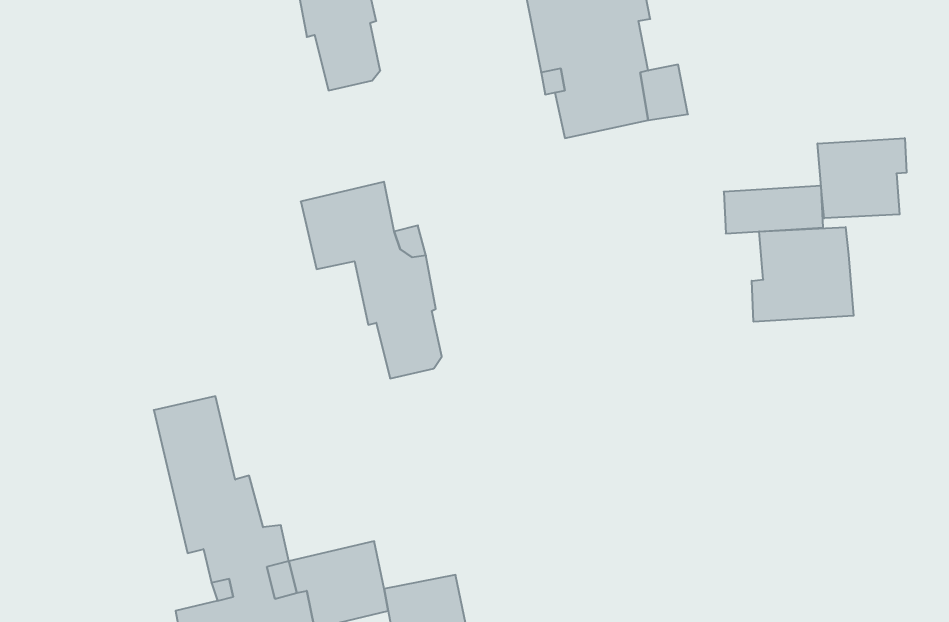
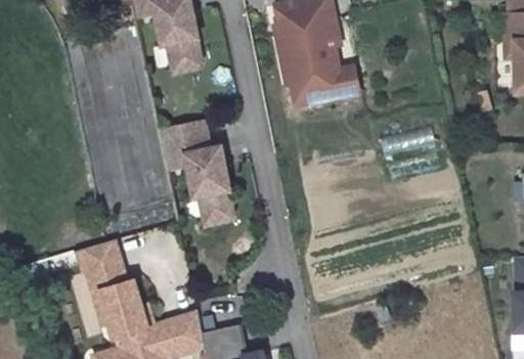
building: [818,138,906,218] -> none
building: [752,227,854,322] -> none

